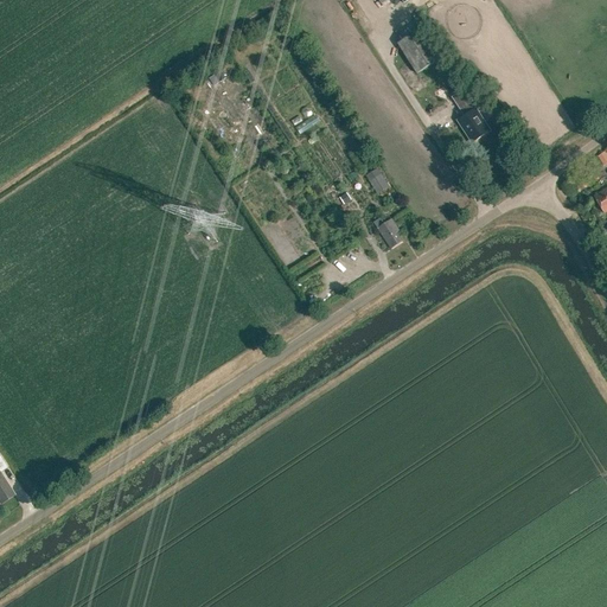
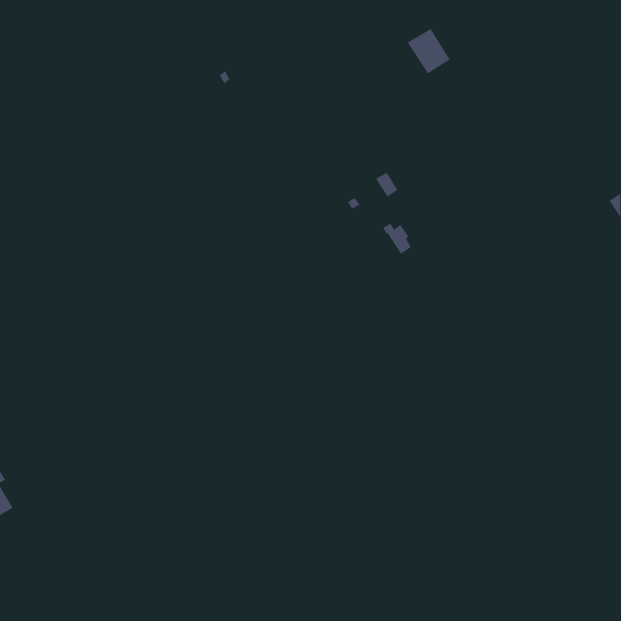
building: [456,95,488,141] -> none

